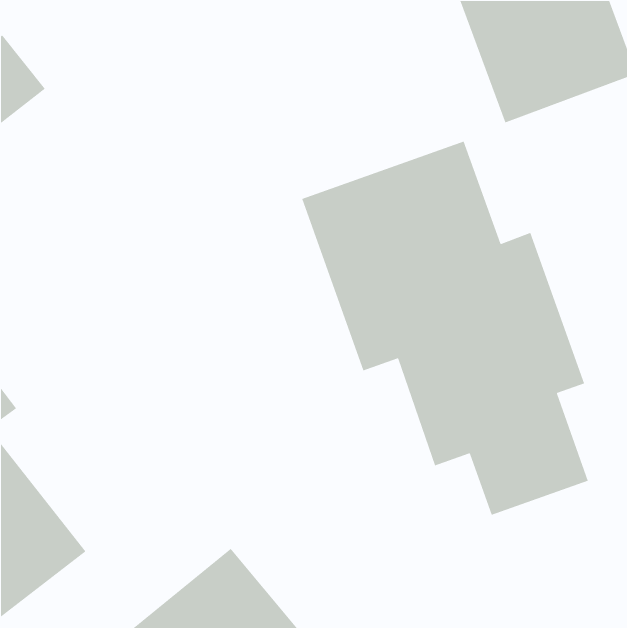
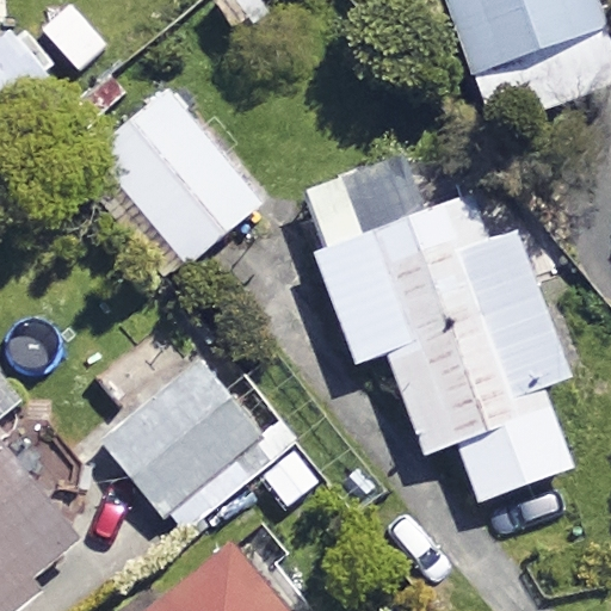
building: none -> [95,90,261,263]
building: none -> [101,362,259,521]

